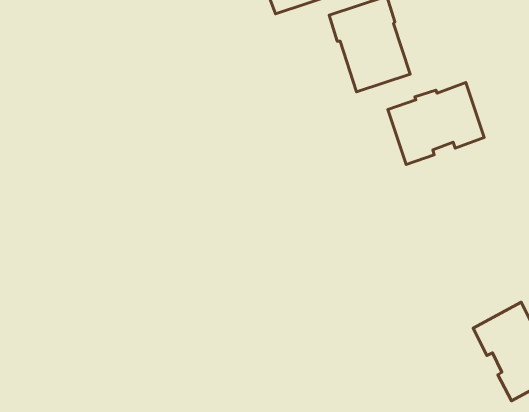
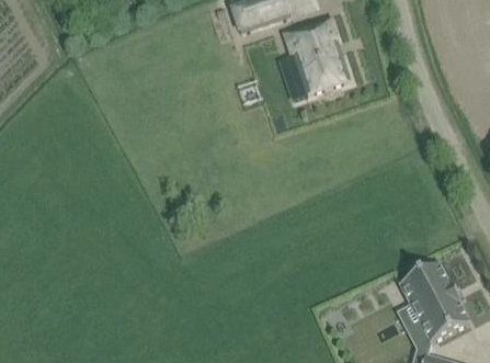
building: [388,83,484,164] -> none

